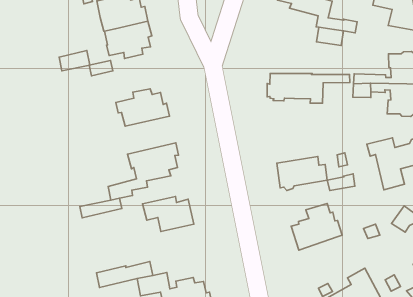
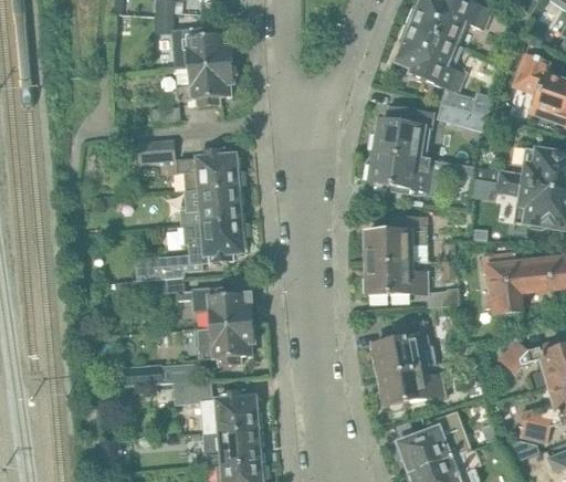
building: none -> [371,107,433,159]
building: [59,50,90,71] -> [138,140,175,161]
building: none -> [181,187,245,227]
building: none -> [366,218,419,264]
building: none -> [197,325,255,366]
building: none -> [379,366,443,409]

